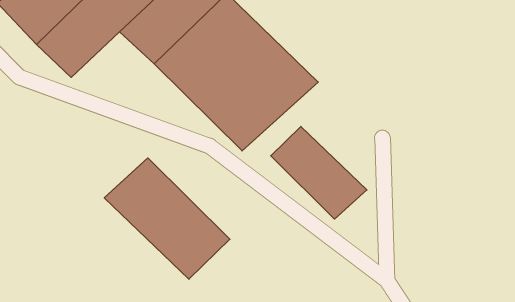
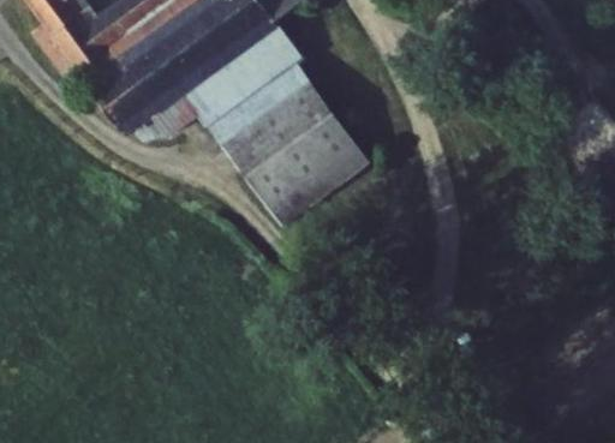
building: [271,126,367,219] -> none
building: [104,158,230,279] -> none

